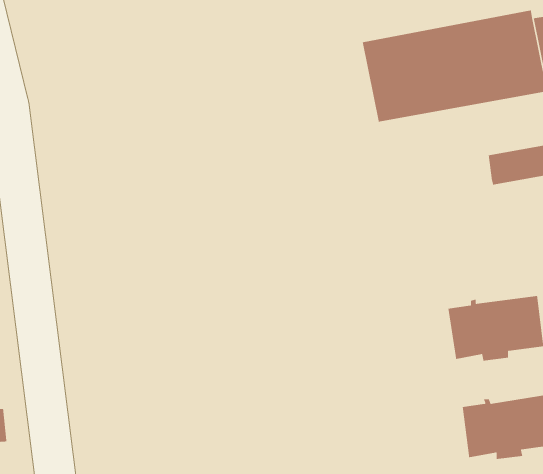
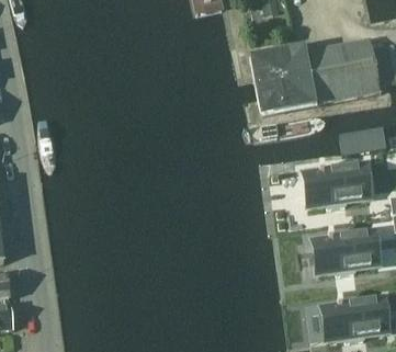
building: none -> [304,162,370,207]

